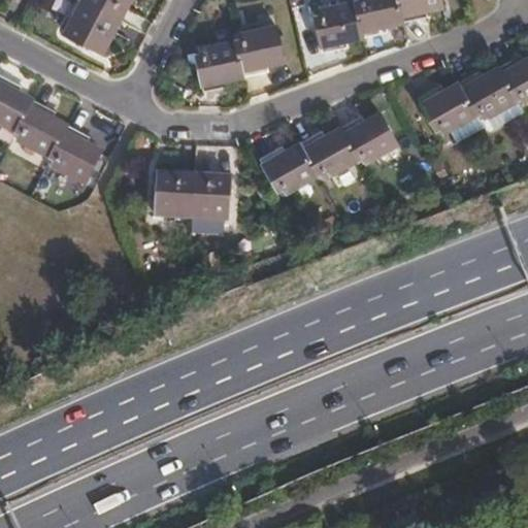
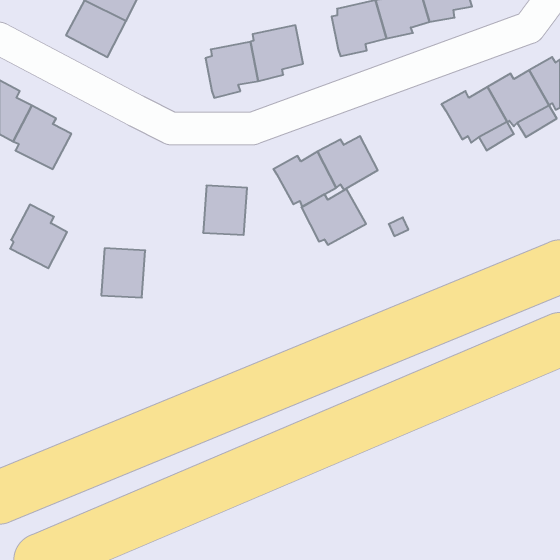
building: [338,110,399,163] -> [301,189,366,245]
building: [48,126,102,186] -> [10,205,67,268]
building: [153,172,194,219] -> [101,248,145,298]

